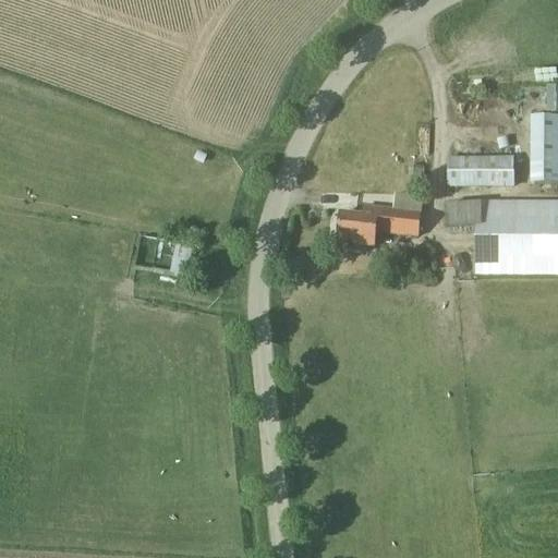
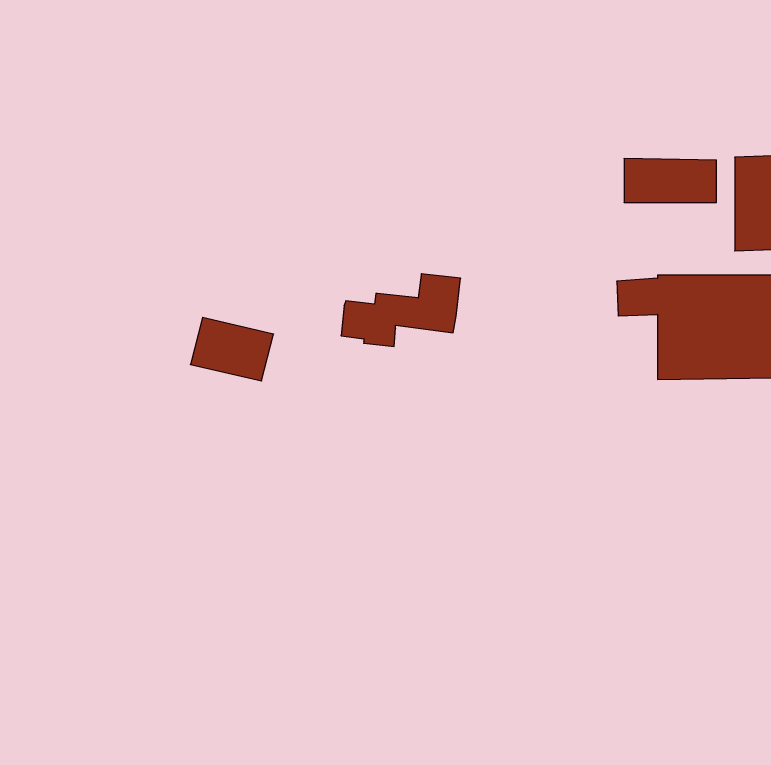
building: [448,154,514,185] -> [624,159,716,202]
building: [338,191,424,243] -> [341,274,461,346]

